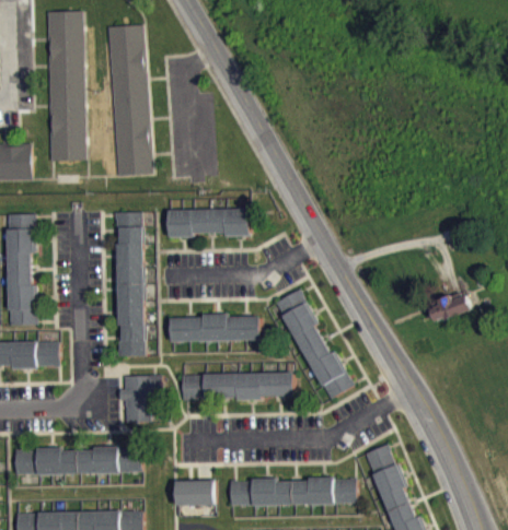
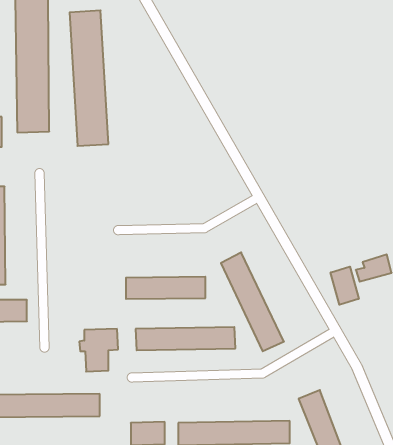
building: [168,209,249,236] -> none
building: [114,212,143,356] -> none
building: none -> [331,267,359,305]

